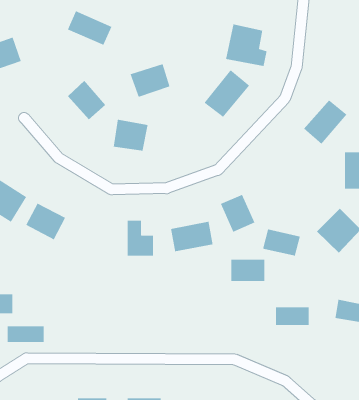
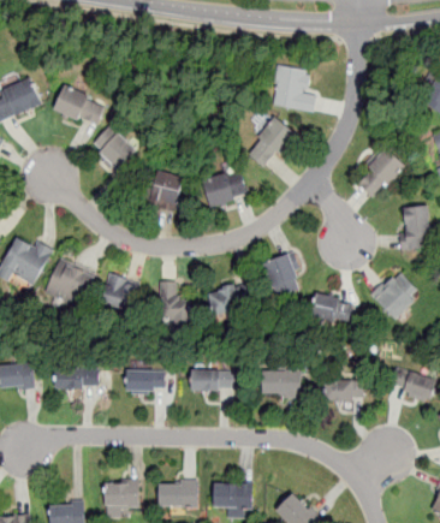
building: [67,10,112,46] -> [53,87,103,126]
building: [130,63,171,98] -> [201,170,246,208]
building: none -> [99,275,138,314]
building: [230,259,265,282] -> [261,370,299,396]
building: none -> [126,369,163,392]
building: none -> [190,369,233,391]
building: [7,326,45,343] -> [54,368,96,387]

